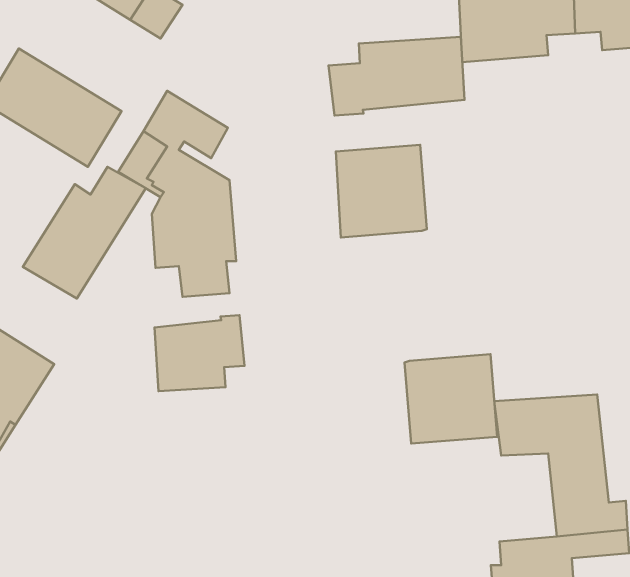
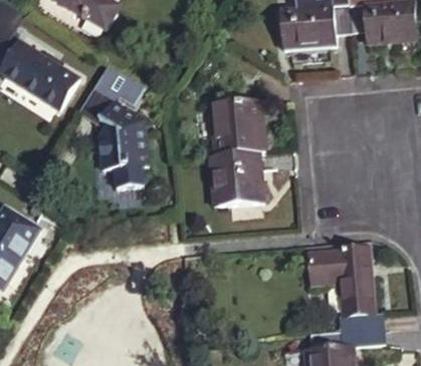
building: [329,37,464,116] -> none
building: [23,167,146,299] -> none
building: [155,315,245,391] -> none
building: [404,354,497,444] -> [209,148,264,202]

